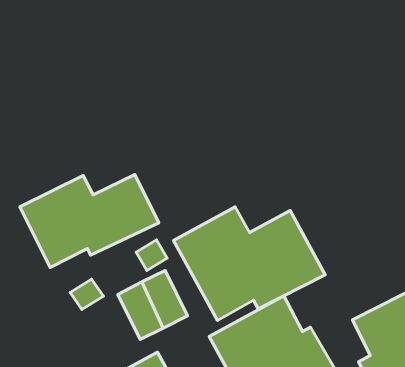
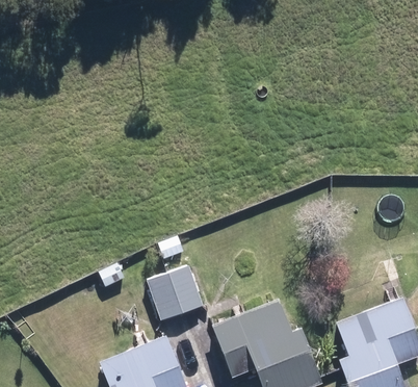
building: [20,174,159,267] -> none
building: [173,207,325,321] -> none

